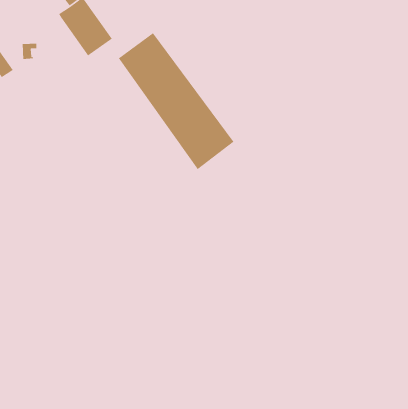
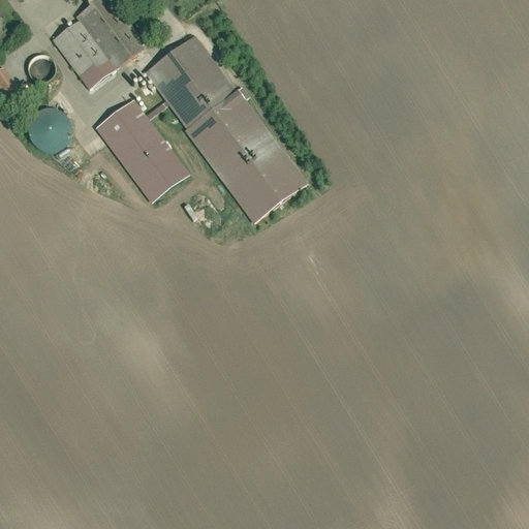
building: none -> [53,23,113,89]
building: none -> [93,98,186,199]
building: none -> [27,107,72,153]

